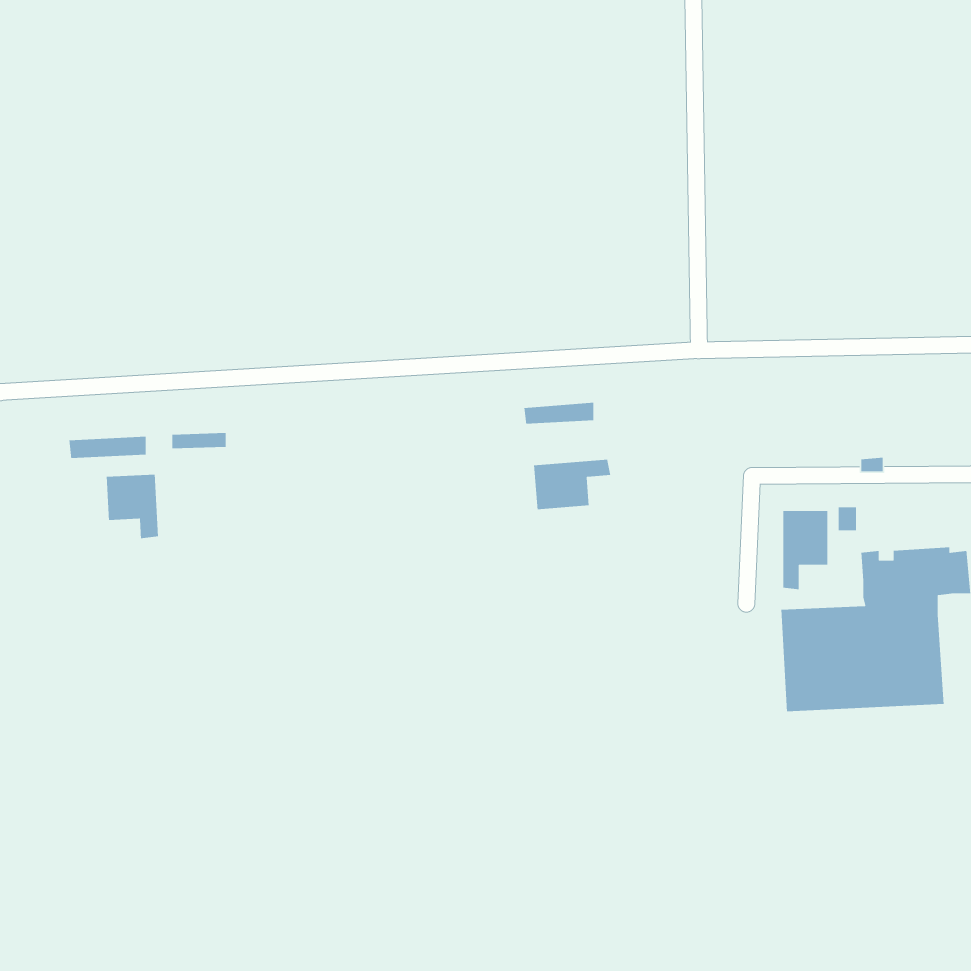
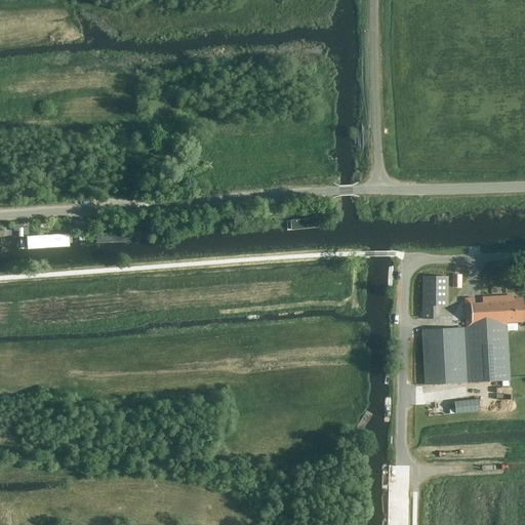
building: [533,459,611,510] -> none
building: [106,474,159,539] -> none

